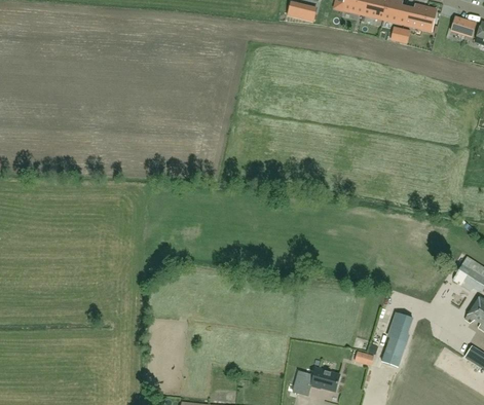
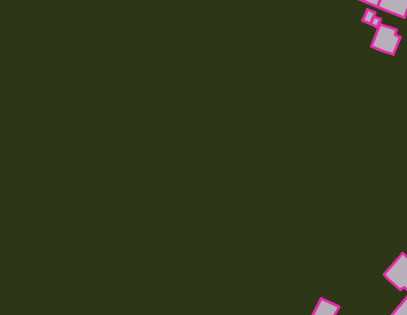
building: none -> [372,24,400,55]

